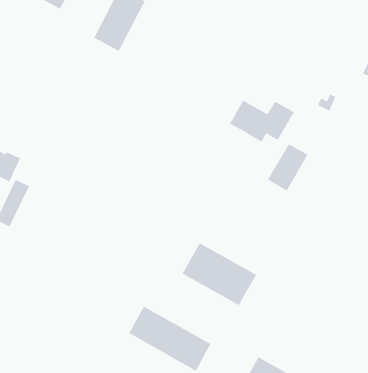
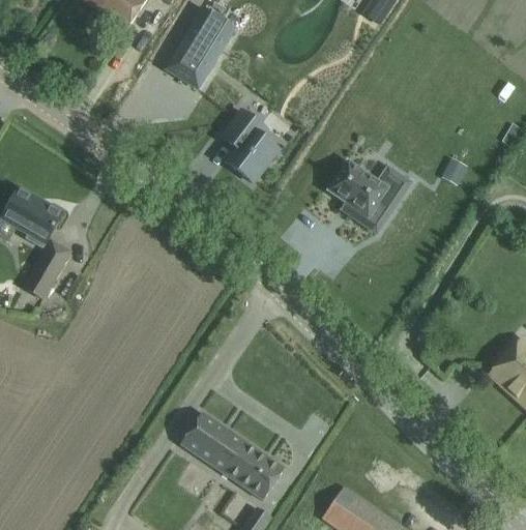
building: none -> [222,110,279,182]
building: [267,143,308,192] -> none
building: [182,242,257,306] -> none

